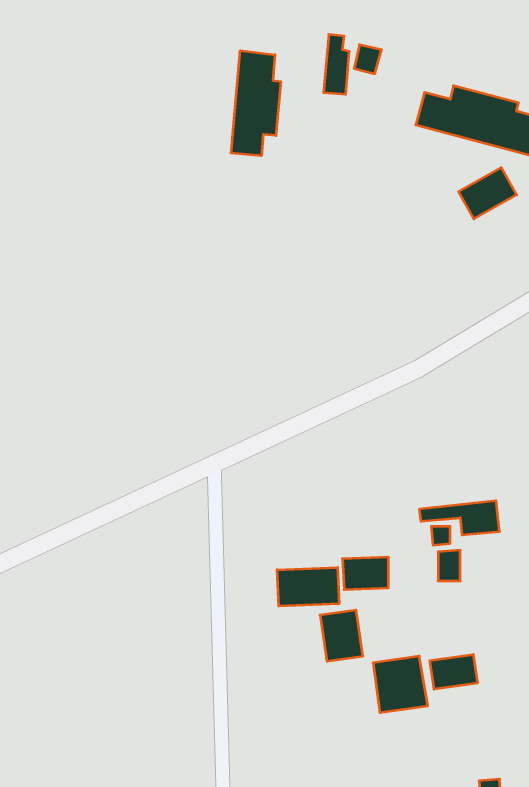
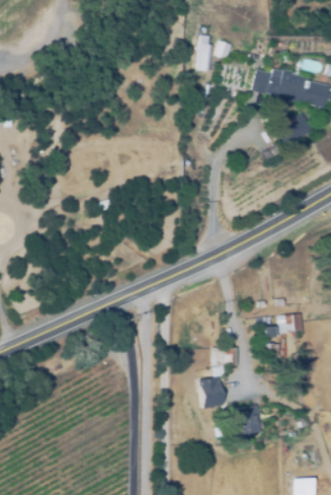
building: [231,51,281,156] -> none
building: [277,567,339,606] -> none
building: [430,654,477,689] -> none

